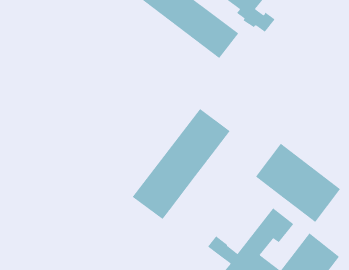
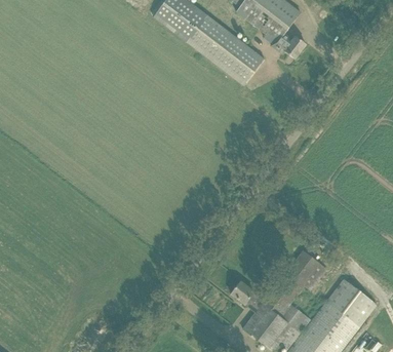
building: [132,108,230,220] -> none
building: [255,143,341,223] -> none

